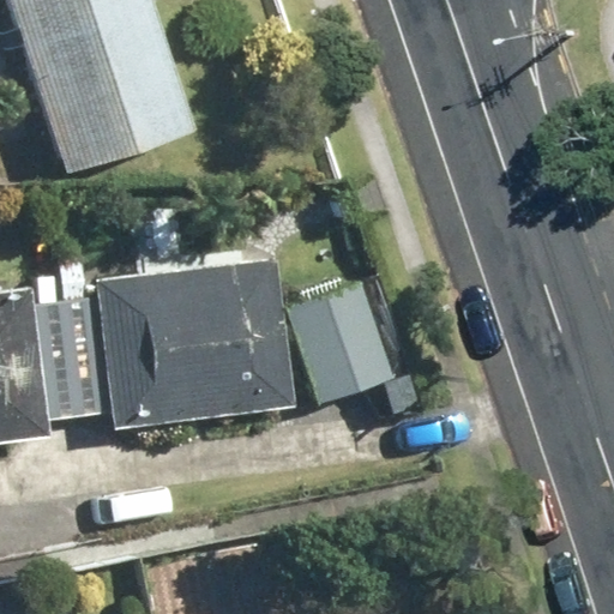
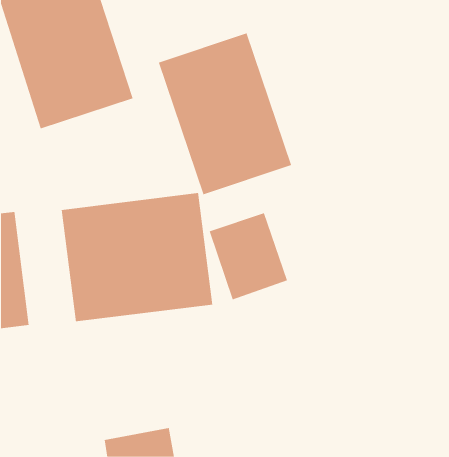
building: none -> [158,33,292,195]

